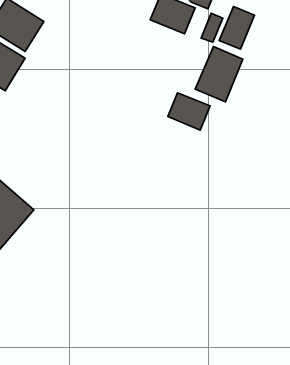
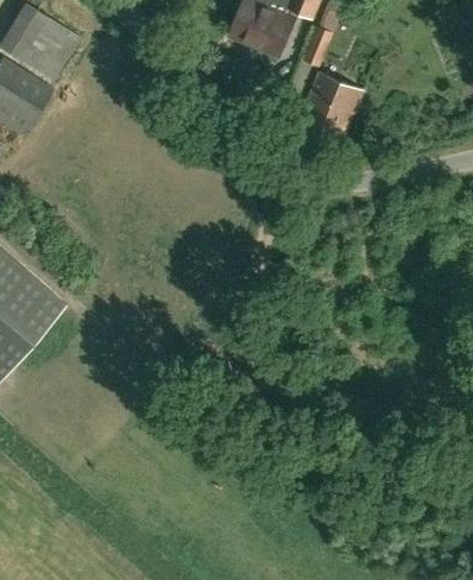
building: [219,7,254,49] -> none
building: [168,93,210,130] -> none

